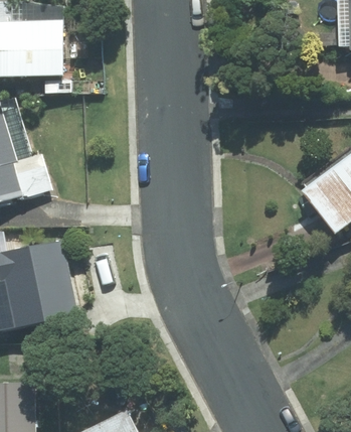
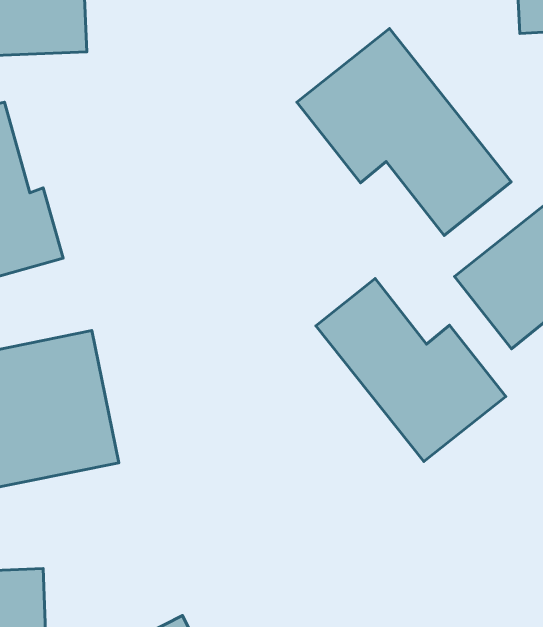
building: none -> [297,29,511,235]
building: none -> [316,278,506,462]

